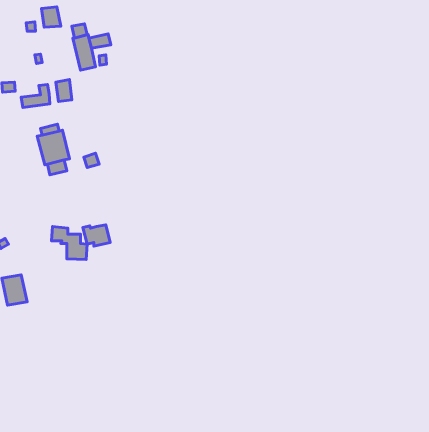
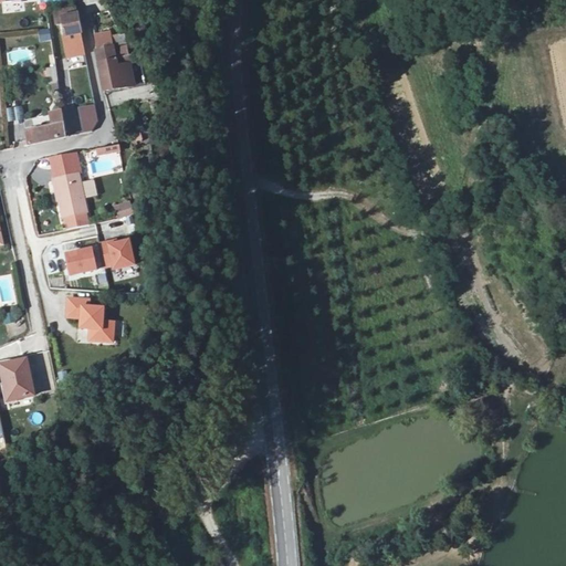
building: none -> [57,34,84,60]
building: none -> [62,247,93,273]
building: [83,225,110,246] -> [96,238,132,265]

